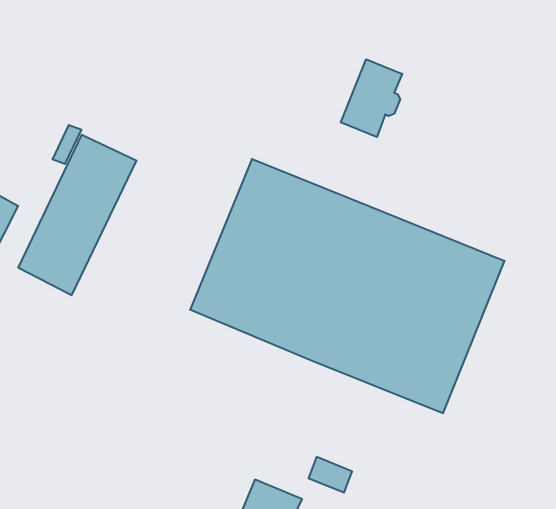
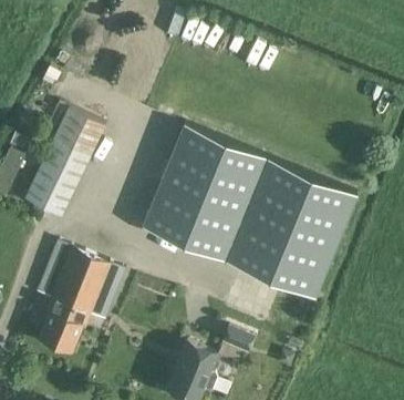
building: [341,59,402,137] -> none
building: none -> [37,243,124,352]

